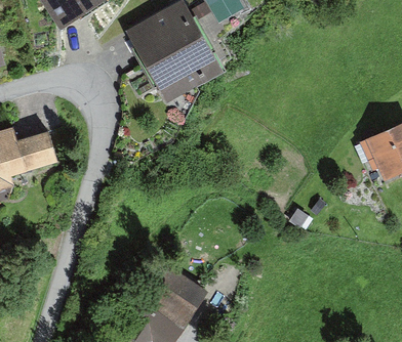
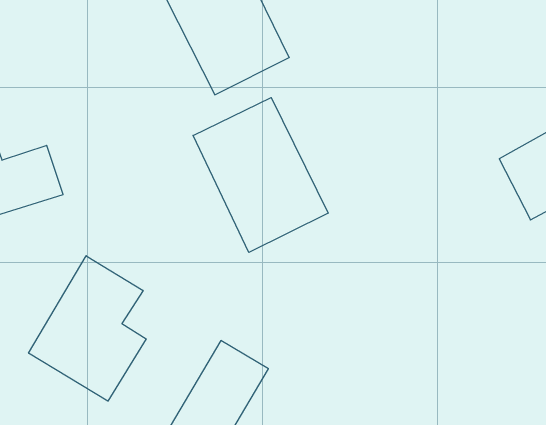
building: none -> [193,98,328,252]
building: none -> [29,256,146,401]

